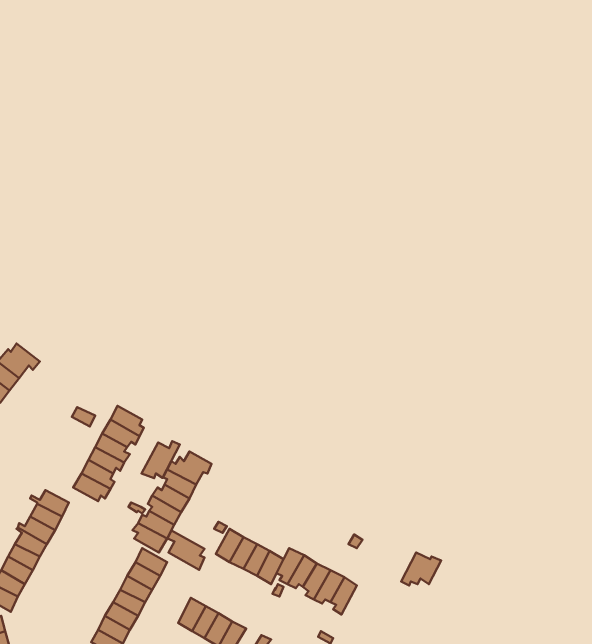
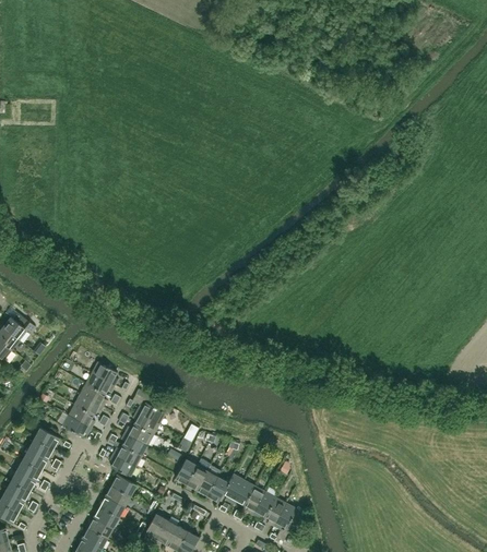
building: [142,441,180,478] -> none
building: [168,531,204,570] -> none
building: [401,552,441,586] -> [273,504,305,530]

